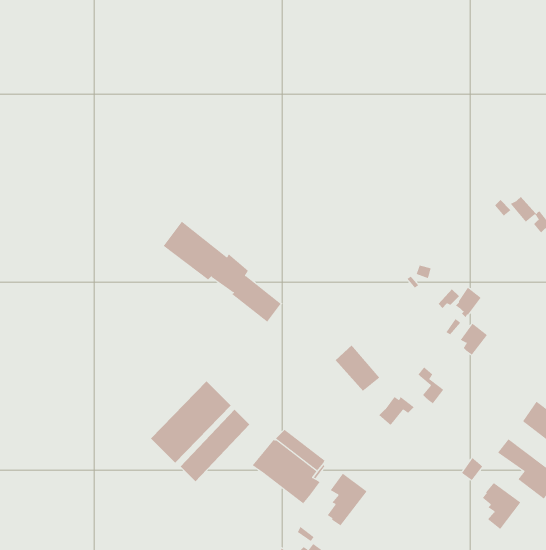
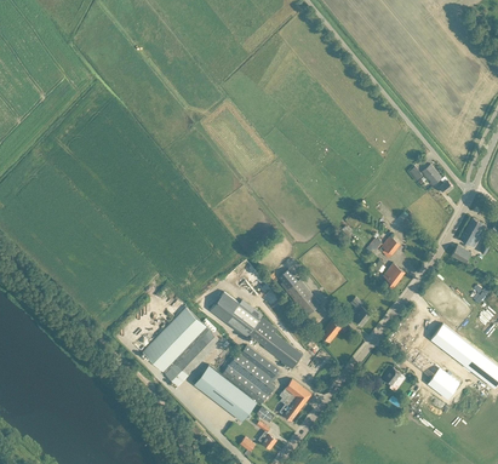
building: [163,221,282,322] -> [211,291,303,370]
building: none -> [194,365,257,422]
building: [482,482,521,530] -> none

